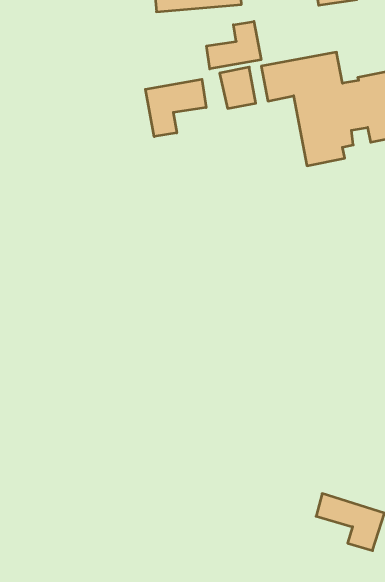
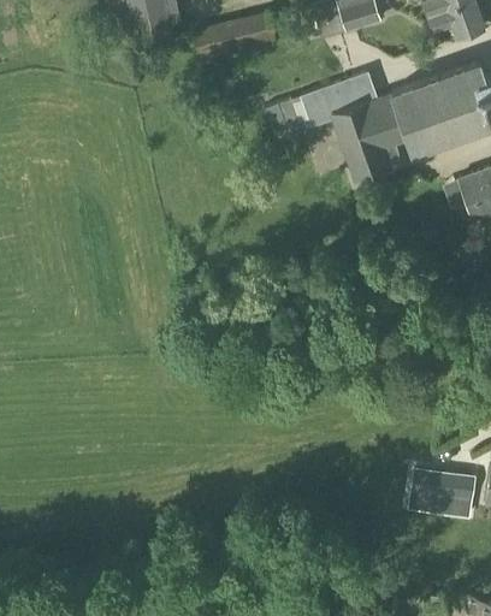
building: [207,21,261,69] -> none
building: [145,79,206,137] -> none

